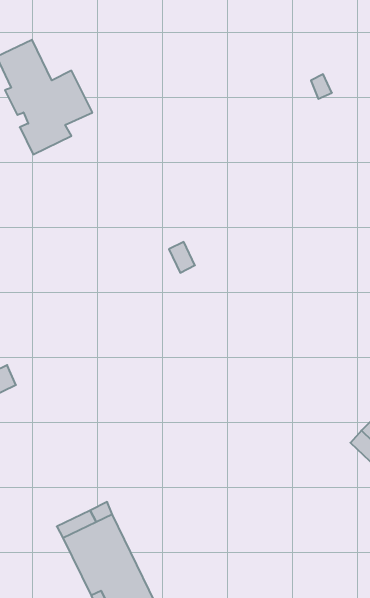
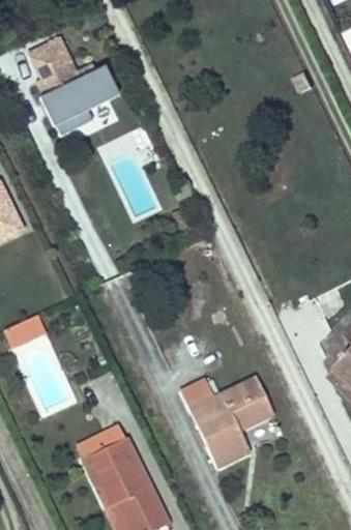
building: none -> [180,377,272,469]

